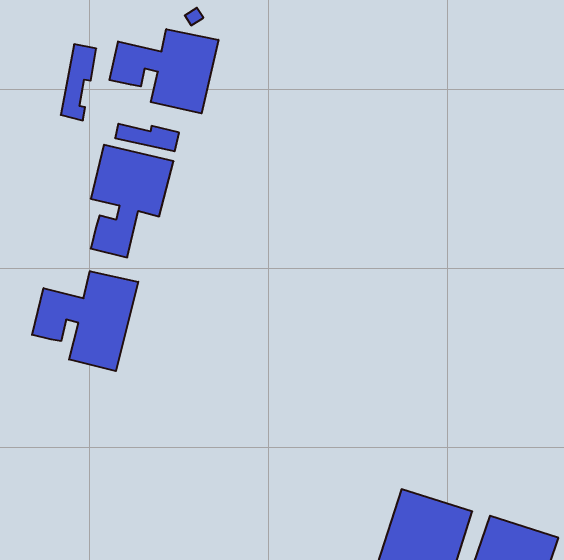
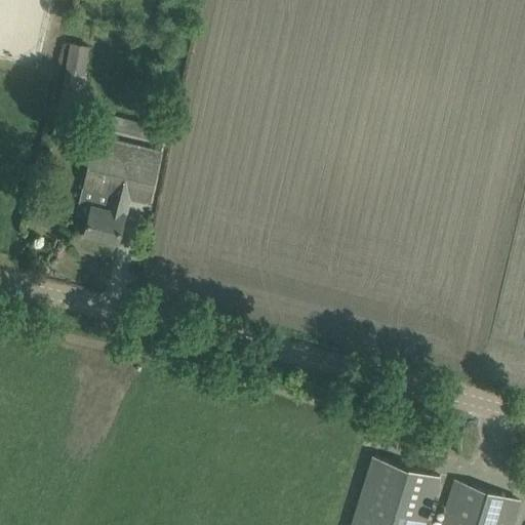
building: [109,29,218,113] -> none
building: [32,271,138,371] -> none

